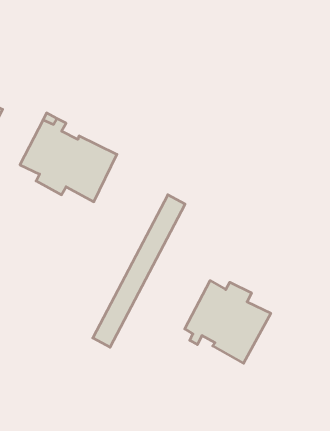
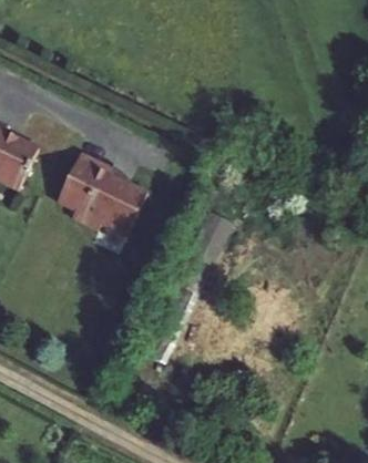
building: [185,281,271,363] -> none

